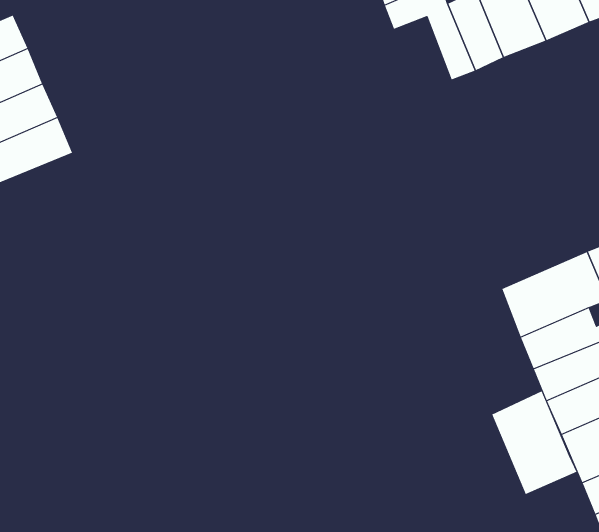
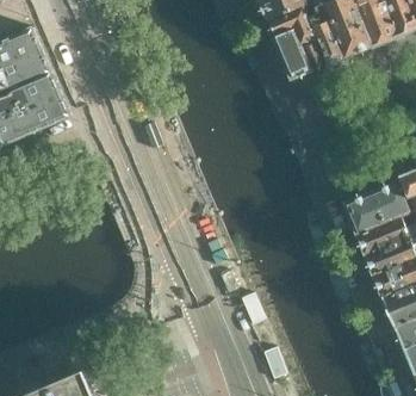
building: none -> [274,29,311,78]
building: [491,390,577,495] -> none

